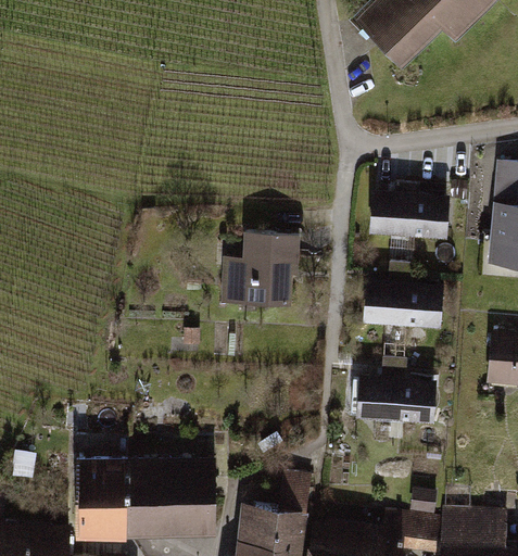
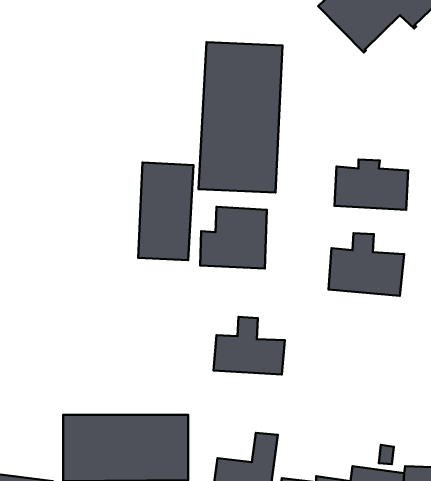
building: none -> [199,42,282,193]
building: none -> [138,163,193,260]
building: [357,359,434,421] -> [213,317,285,374]

